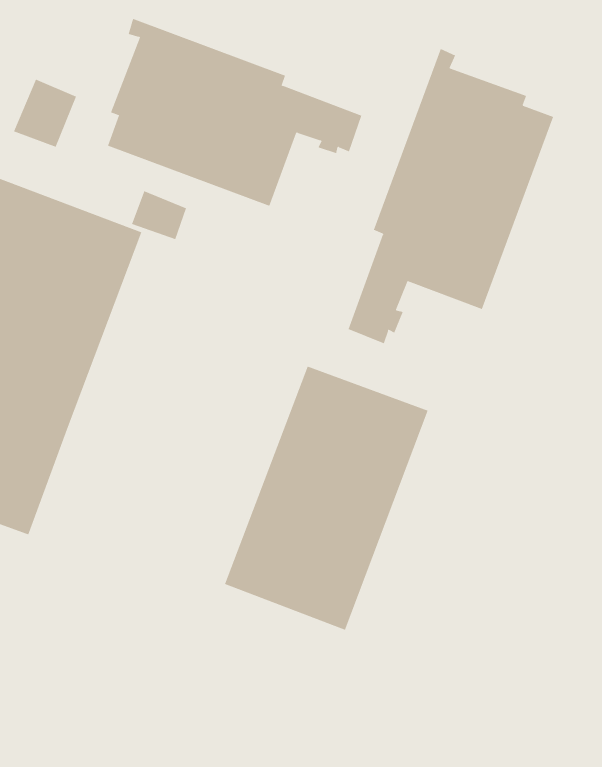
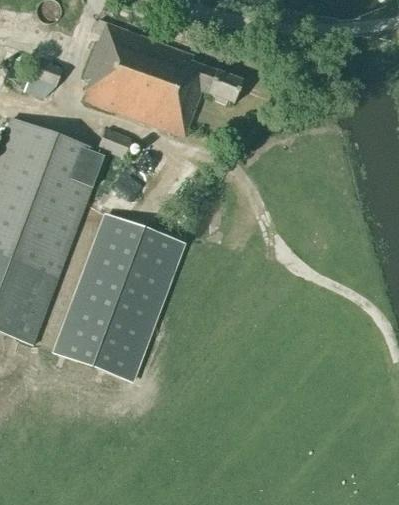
building: [348,48,554,344] -> none
building: [224,366,428,631] -> [54,214,182,380]

